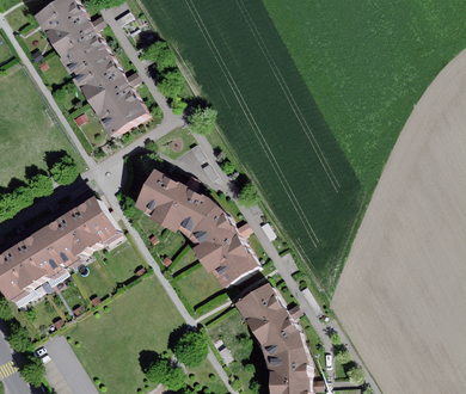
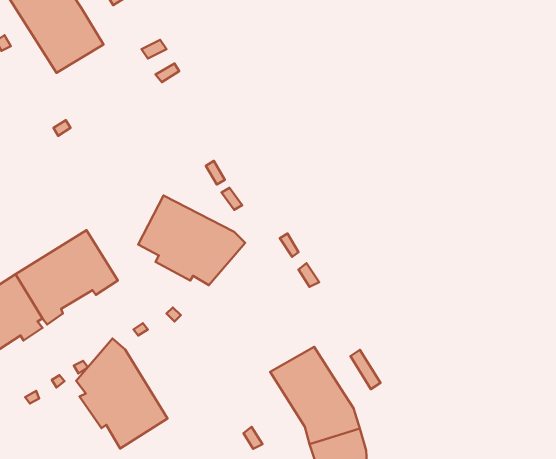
building: [73,55,147,137] -> none
building: [189,205,258,289] -> [76,338,167,449]

